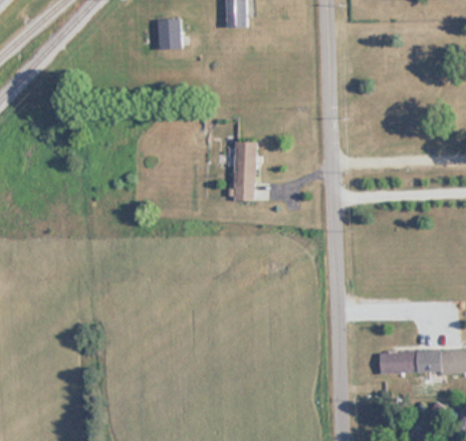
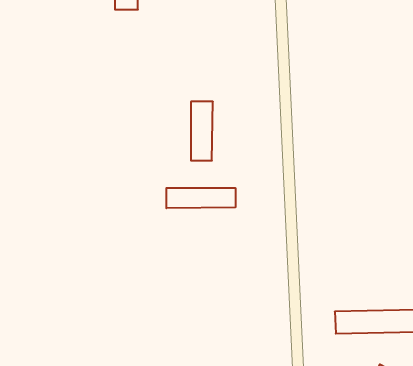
building: none -> [166,188,235,208]

